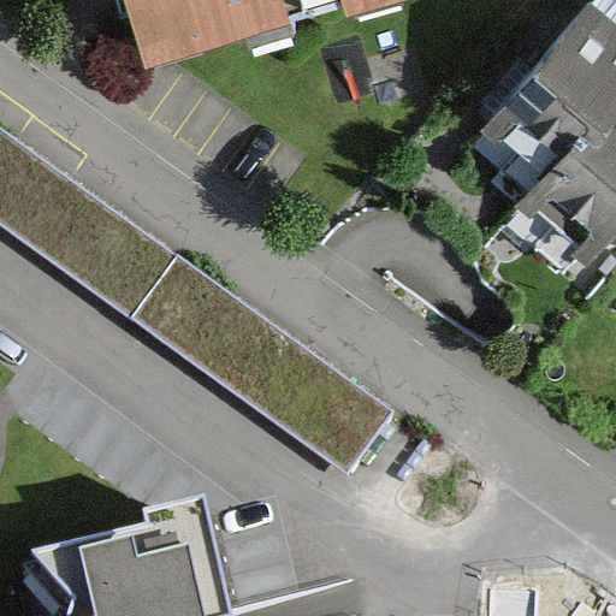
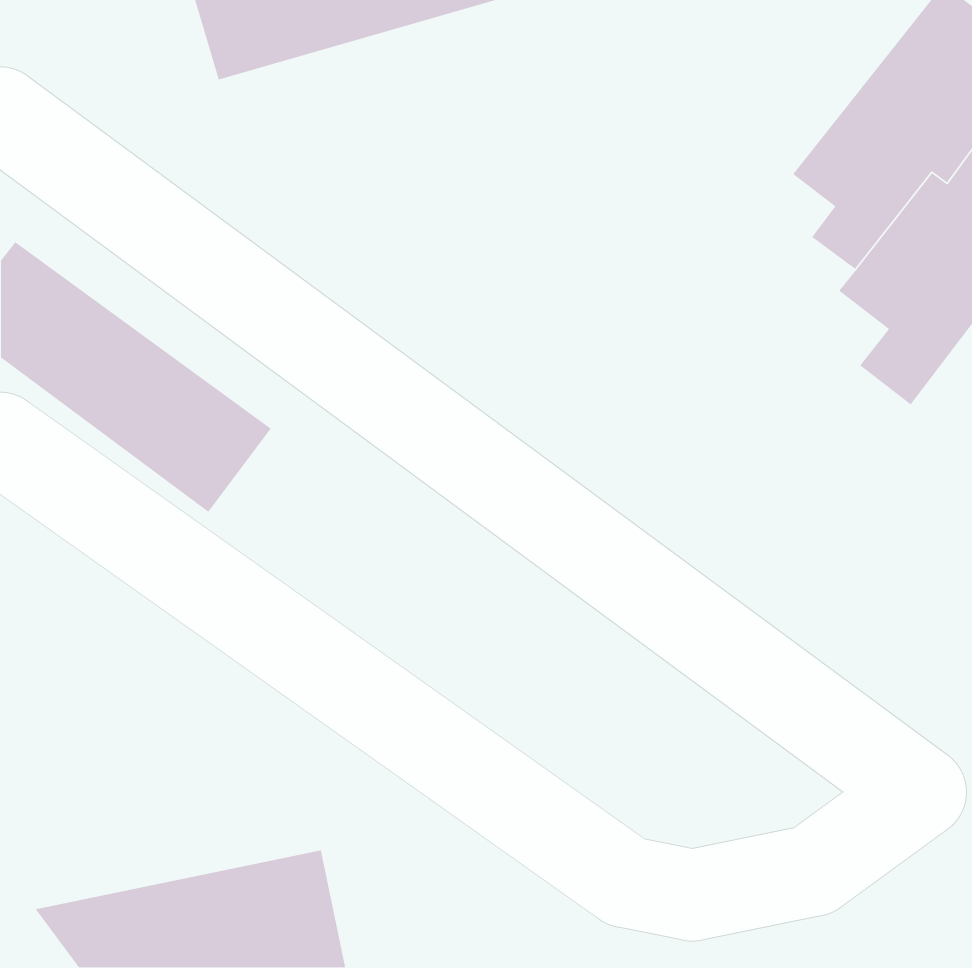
building: [188,302,385,472] -> none

